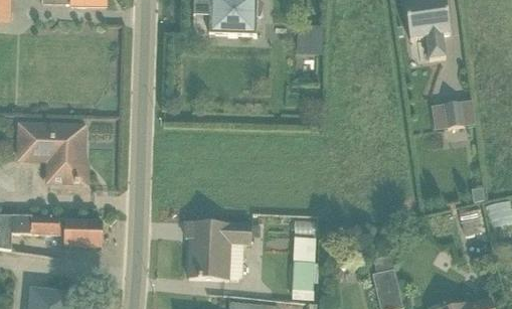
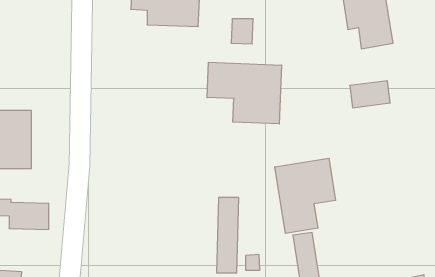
building: none -> [207,62,281,124]
building: none -> [275,158,336,233]
building: [185,221,252,279] -> none

